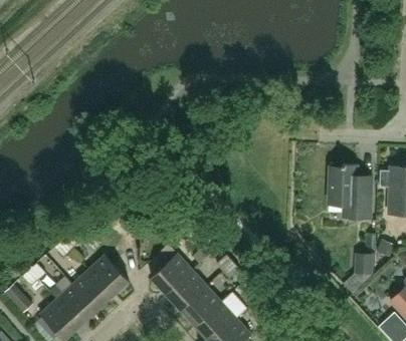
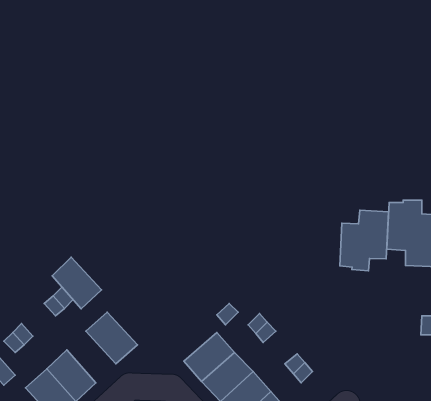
building: none -> [340,210,389,271]
building: [152,253,193,293] -> none
building: [73,269,113,310] -> [52,257,101,309]

